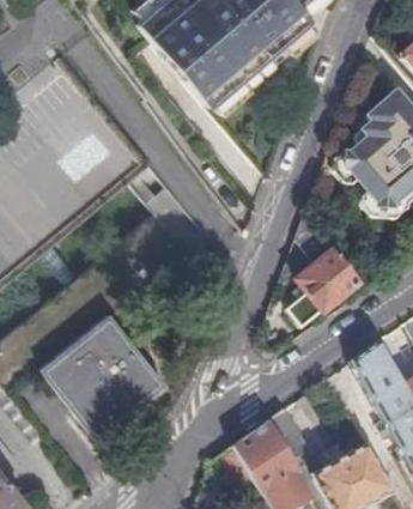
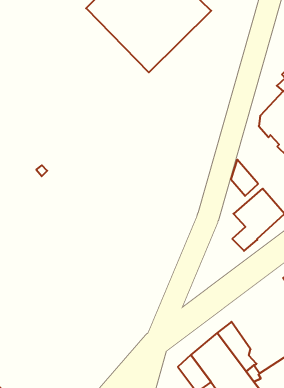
building: [43,311,168,437] -> none

